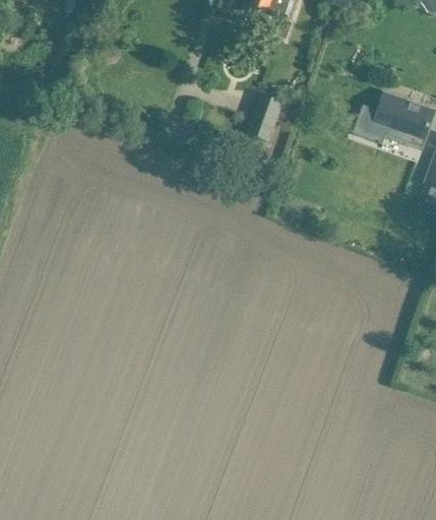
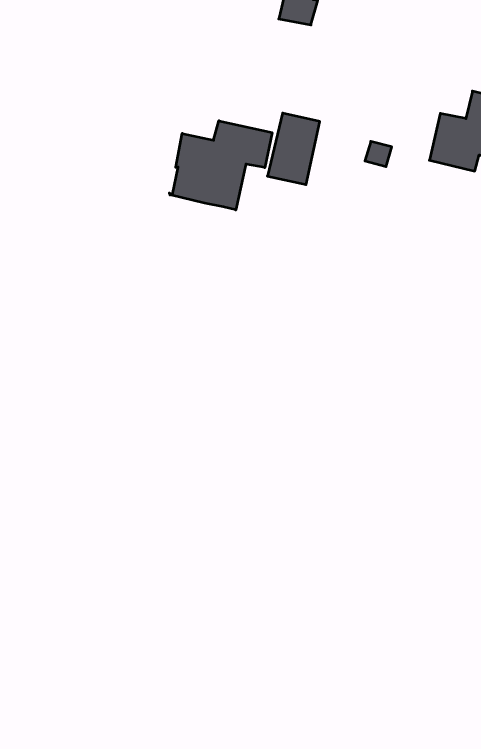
building: none -> [169,121,272,210]

